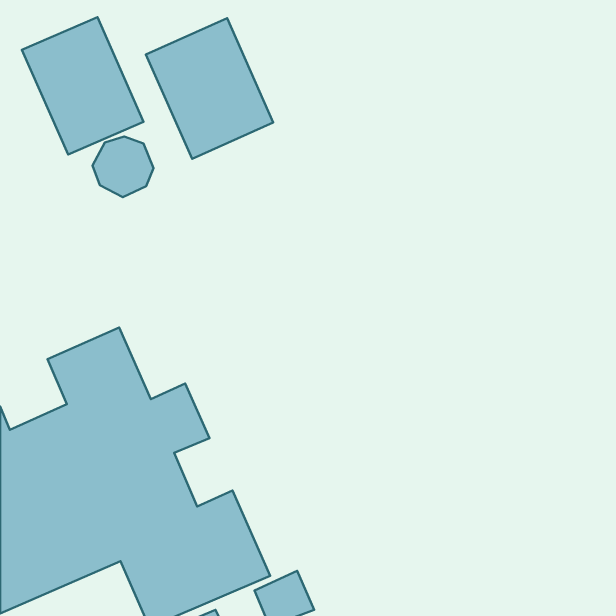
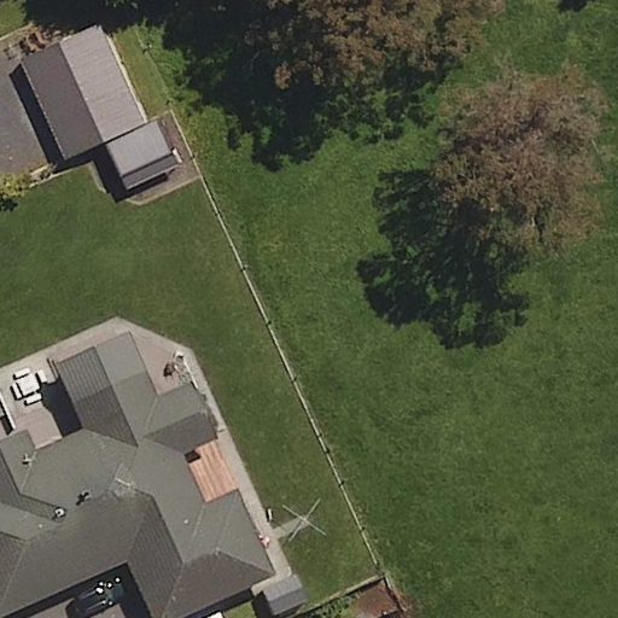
building: [146,18,273,159] -> none

